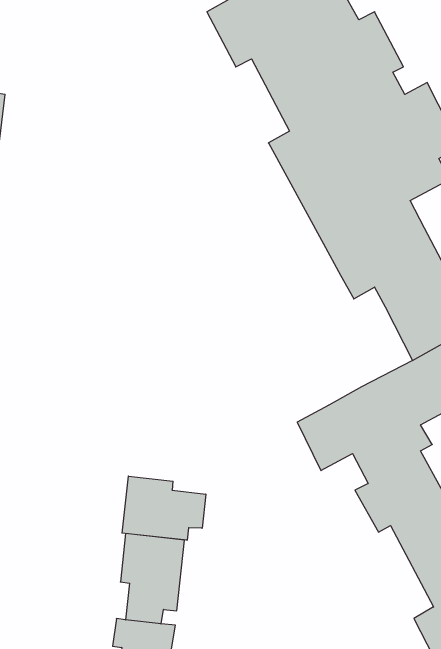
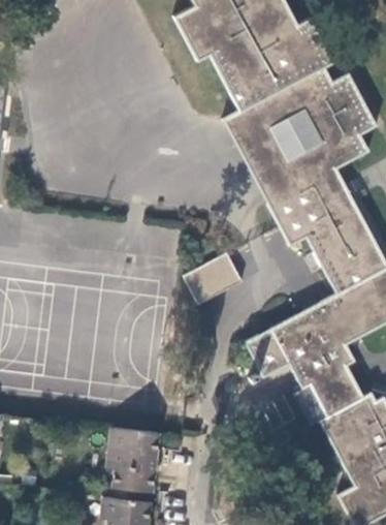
building: none -> [185,251,244,304]
building: [122,476,206,540] -> none

